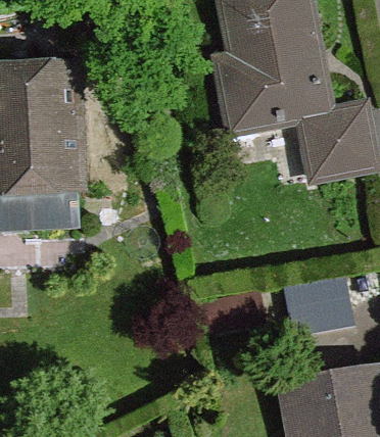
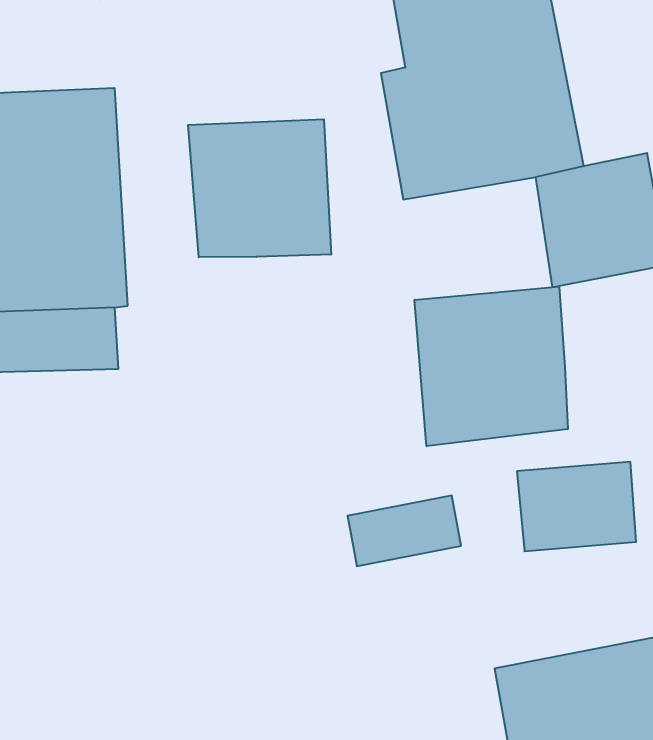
building: none -> [188,119,331,257]
building: none -> [415,286,568,446]

